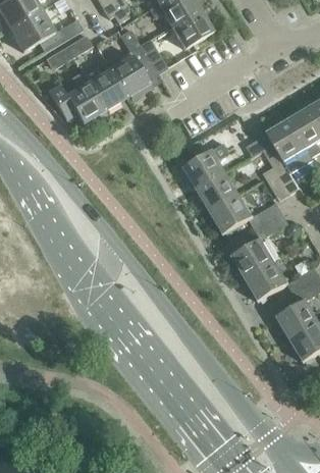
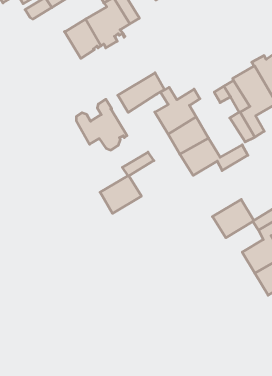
building: [51,71,105,125] -> [76,99,127,150]
building: none -> [118,73,165,112]
building: [231,213,288,278] -> [100,152,154,213]

